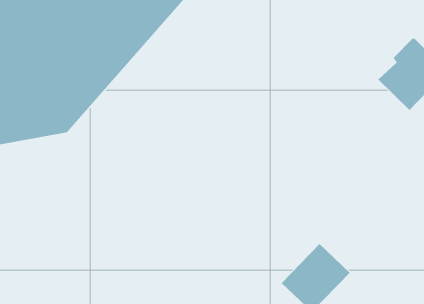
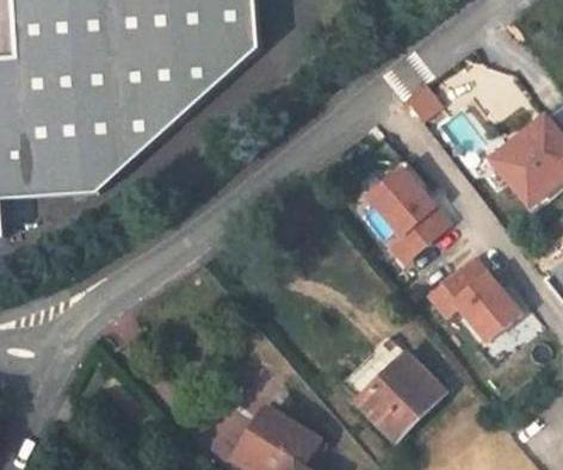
building: none -> [359,156,447,255]
building: none -> [422,248,519,332]

